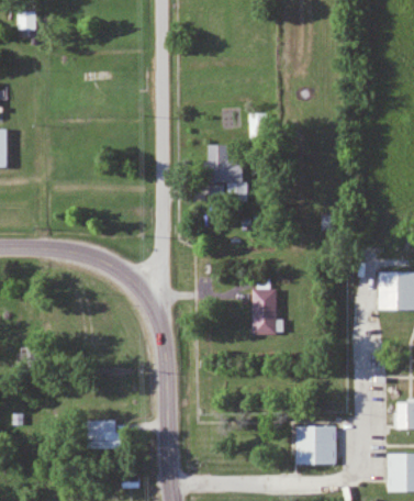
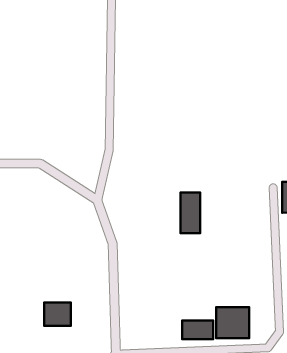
building: [206,147,242,186] -> none
building: none -> [182,320,213,339]

